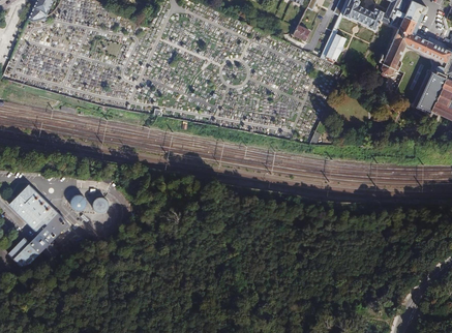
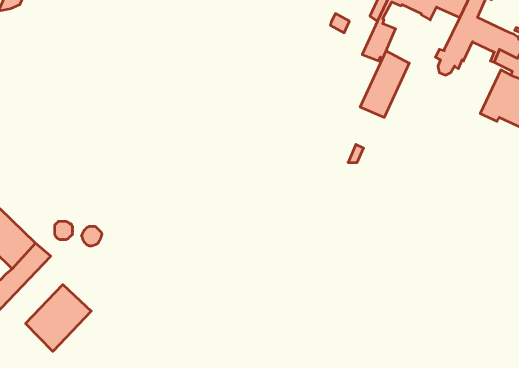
building: none -> [360,51,409,117]
building: none -> [26,285,91,351]

